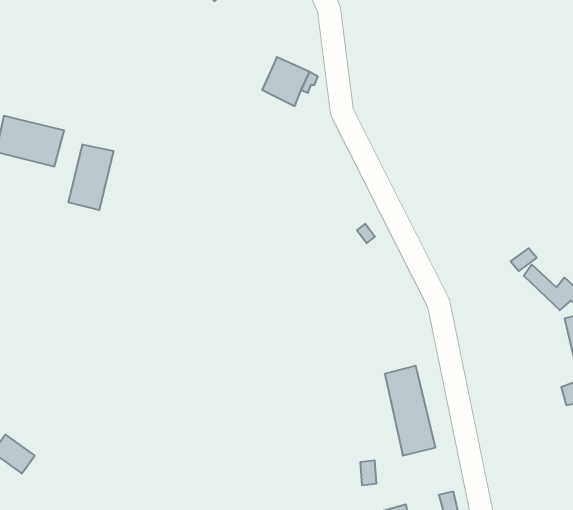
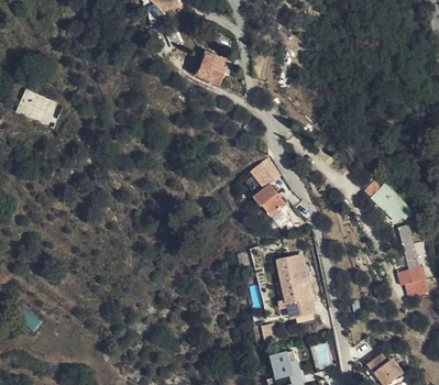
building: [69,144,113,210] -> none
building: none -> [254,184,286,216]

